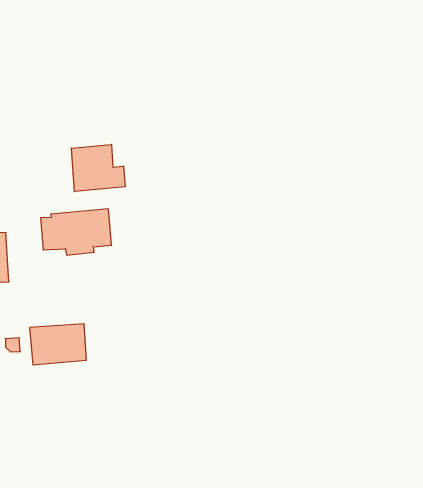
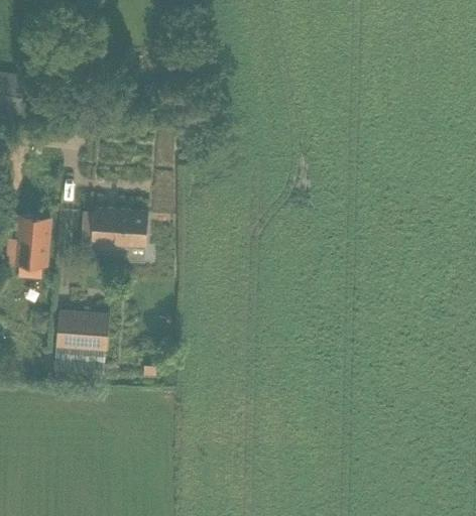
building: [71,144,125,192] -> none

